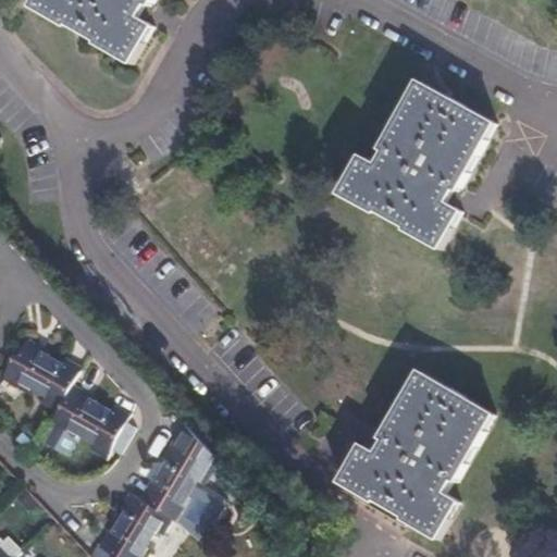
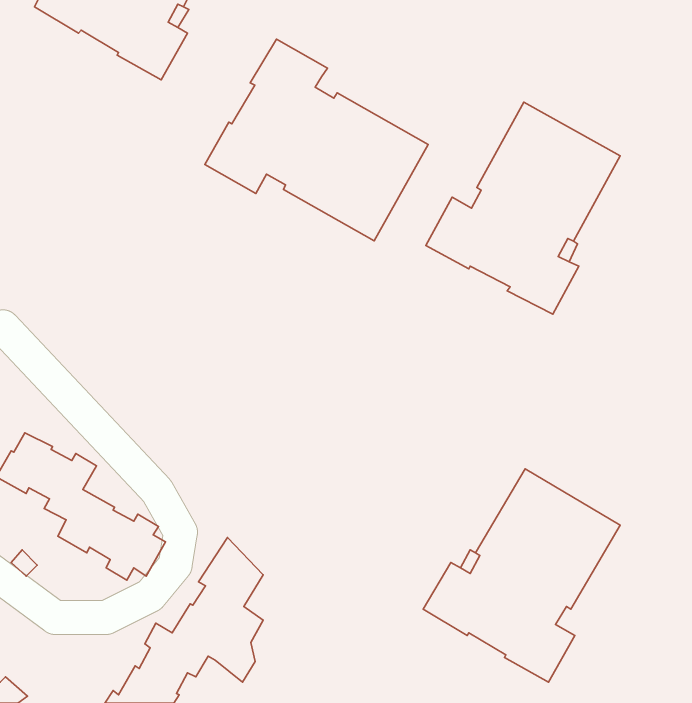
building: none -> [205,39,428,241]

